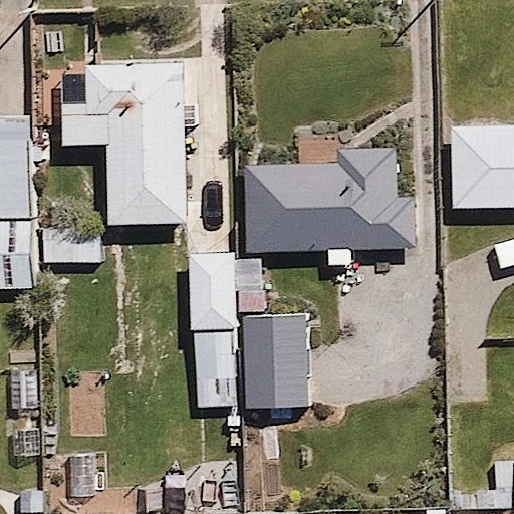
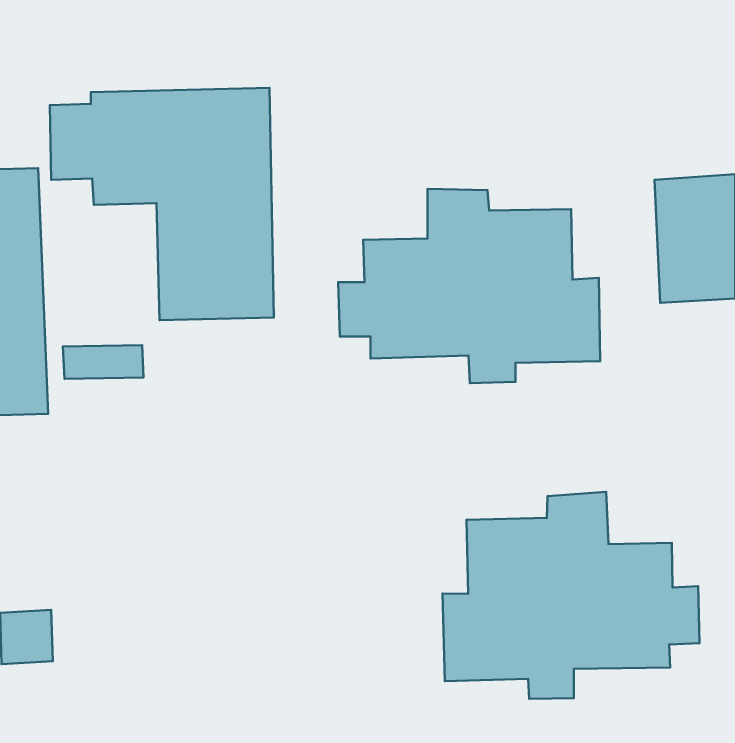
building: [189,253,308,409] -> none
building: none -> [442,492,699,699]

